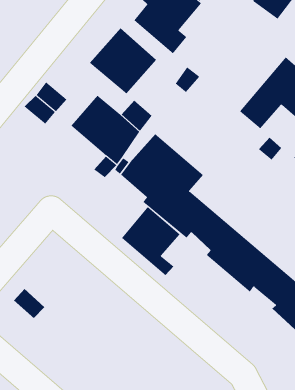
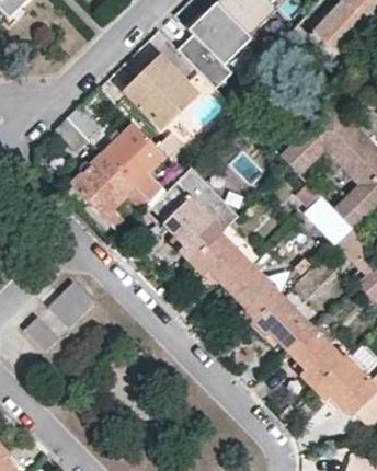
building: [121,206,181,276] -> [70,152,133,227]
building: none -> [48,283,94,328]

